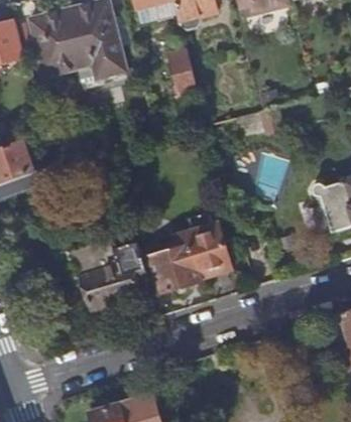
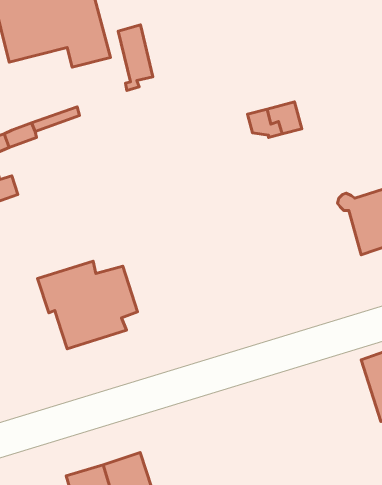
building: [168,48,197,102] -> [118,25,153,90]
building: [148,222,231,292] -> none

